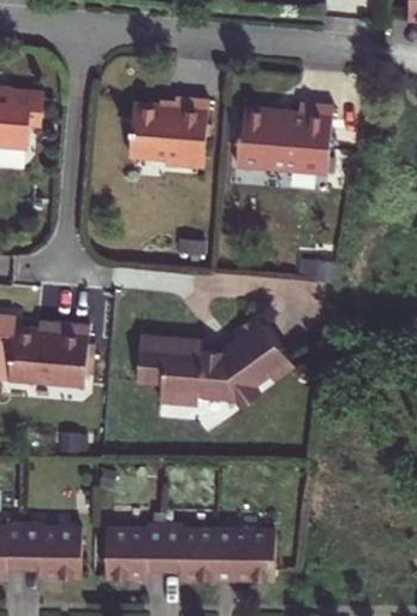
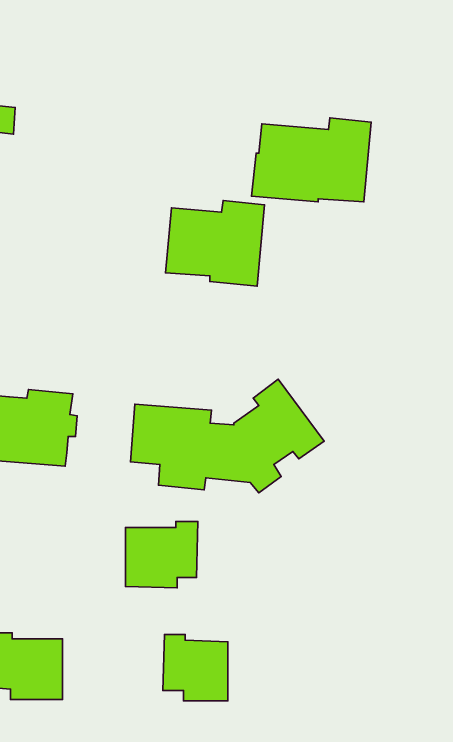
building: [127,97,208,167] -> [165,200,265,286]
building: [105,523,163,578] -> [125,521,198,588]
building: [215,529,274,579] -> none

